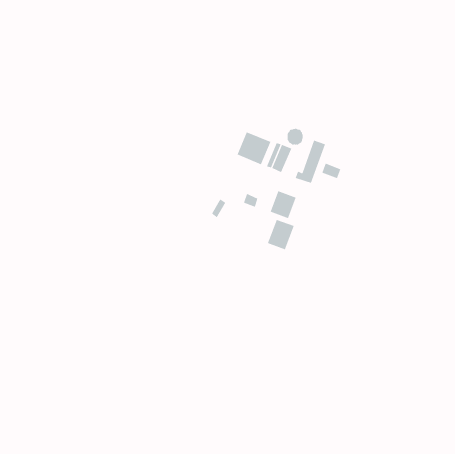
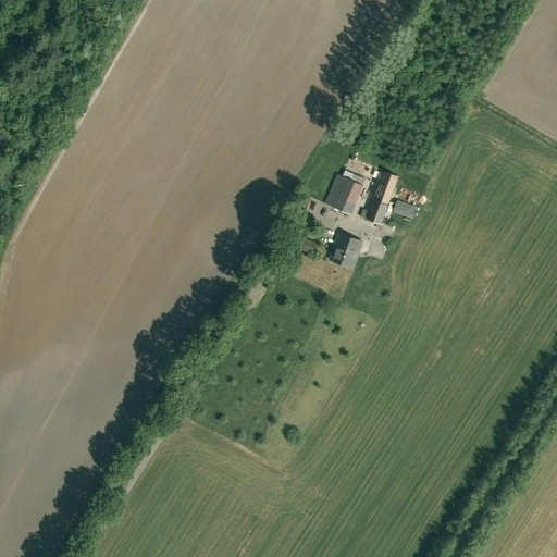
building: [237,131,271,165] -> none
building: [267,219,294,250] -> none

